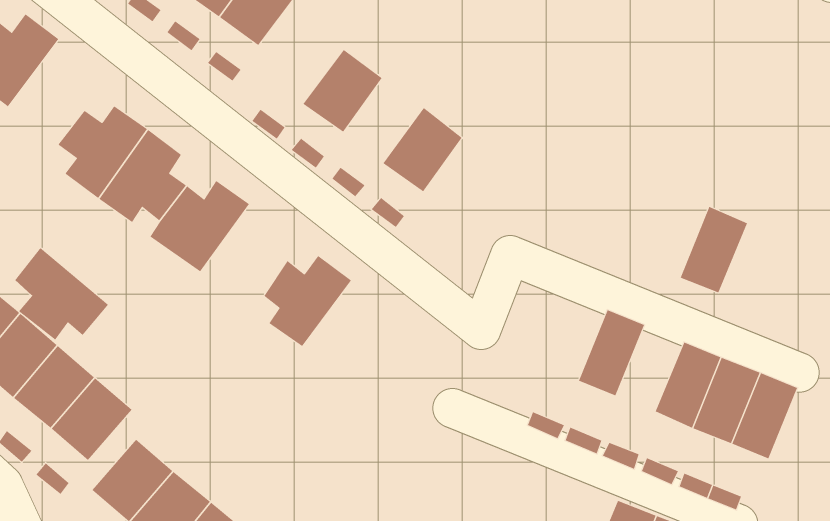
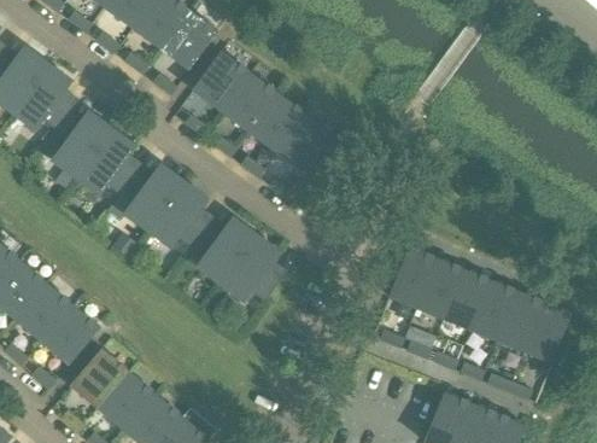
building: none -> [193,51,250,111]
building: none -> [12,65,75,130]
building: none -> [250,93,306,153]
building: none -> [148,182,210,249]
building: [680,206,748,293] -> [443,268,491,330]
building: [14,247,109,340] -> none
building: none -> [221,237,283,302]
building: none -> [388,246,437,308]

